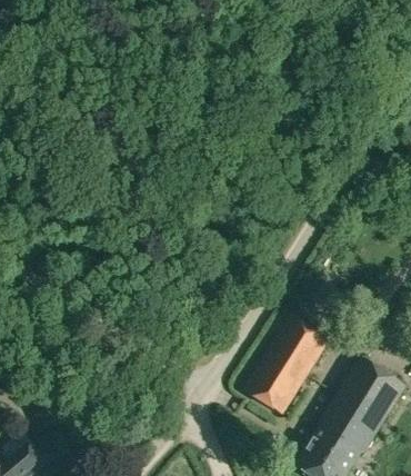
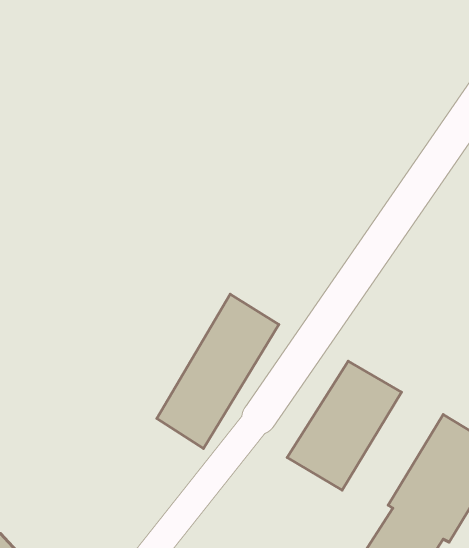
building: none -> [157,294,279,448]

